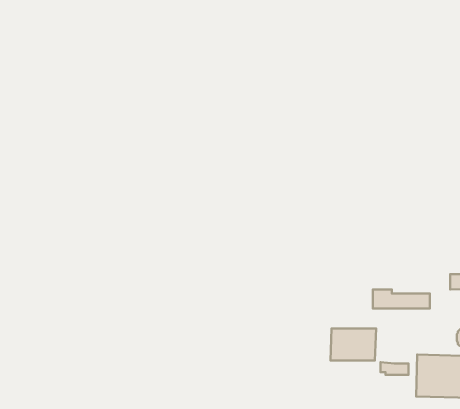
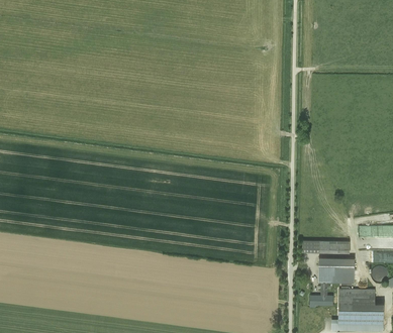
building: [330,329,376,360] -> [318,258,355,284]

